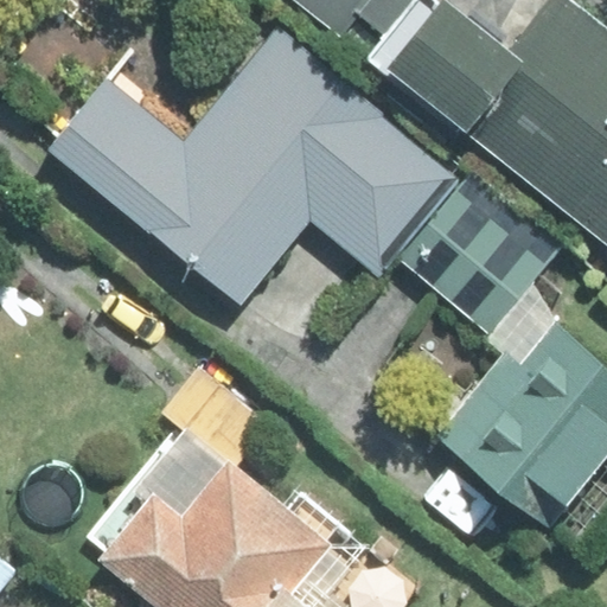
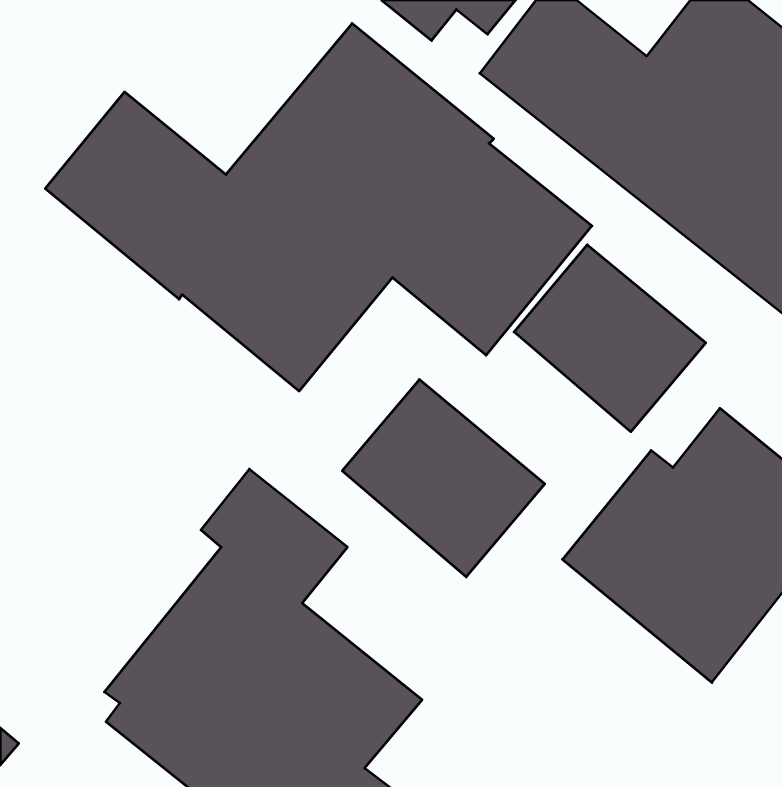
building: none -> [342,379,545,577]

